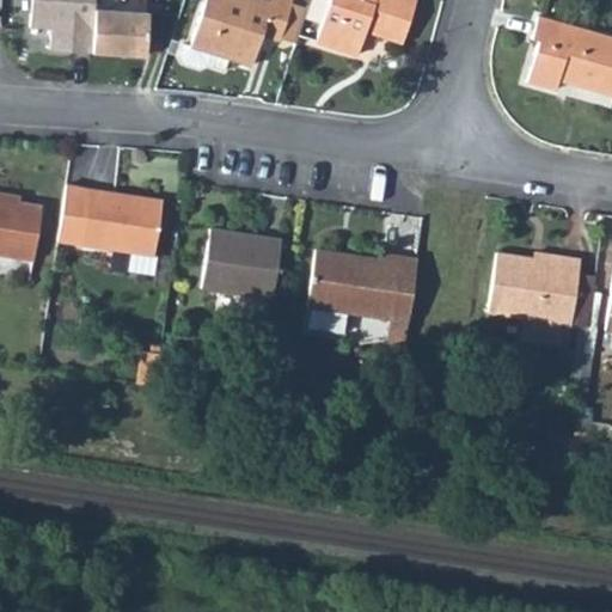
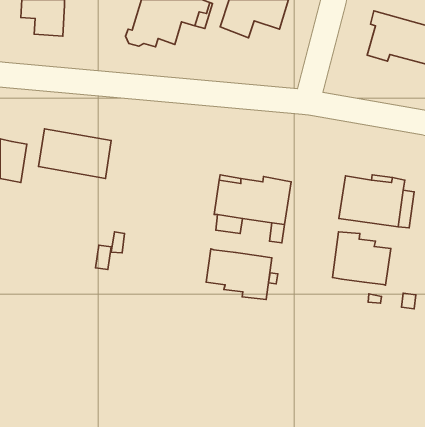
building: [93,7,151,55] -> none
building: [203,230,282,299] -> none
building: none -> [332,232,391,285]
building: none -> [206,249,272,299]

